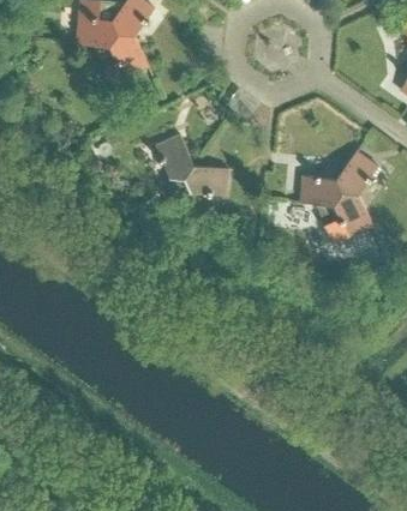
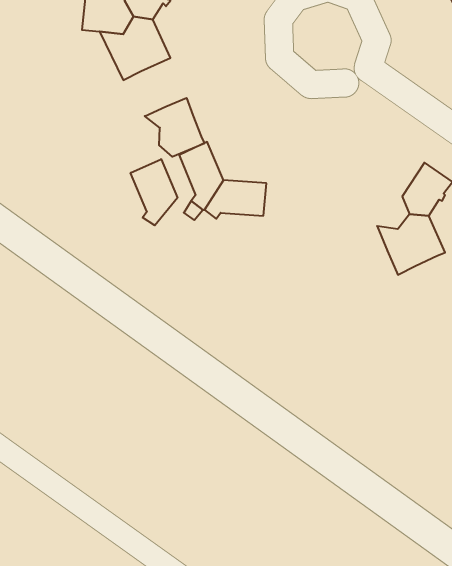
building: none -> [145,98,204,157]
building: none -> [131,159,177,225]
building: [300,173,343,204] -> none

